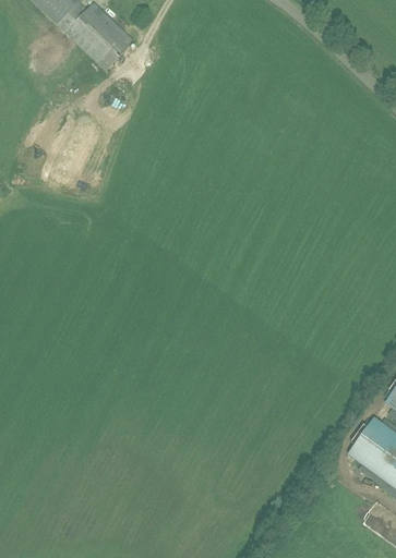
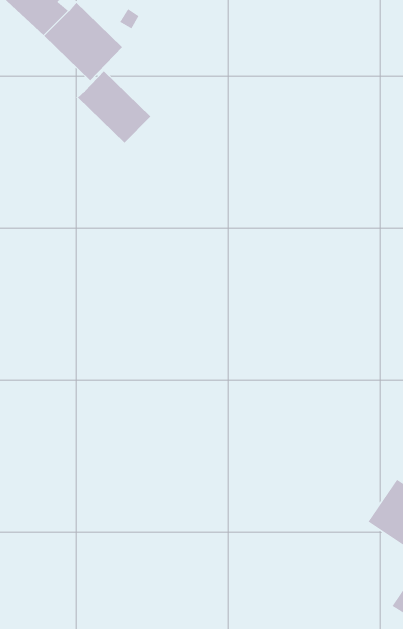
building: none -> [77,70,151,143]

